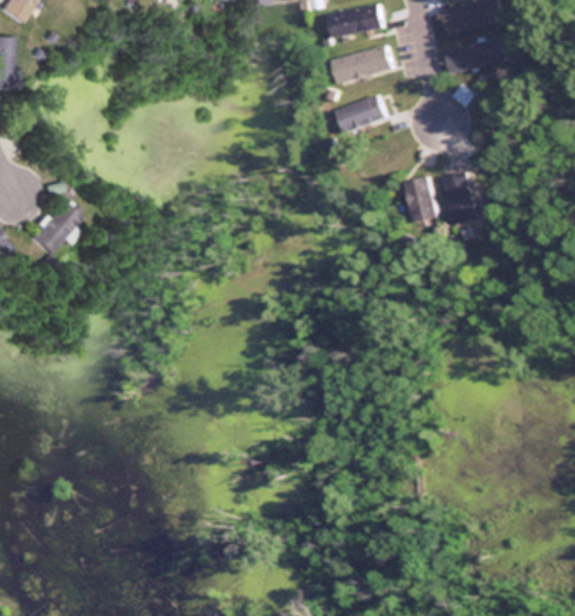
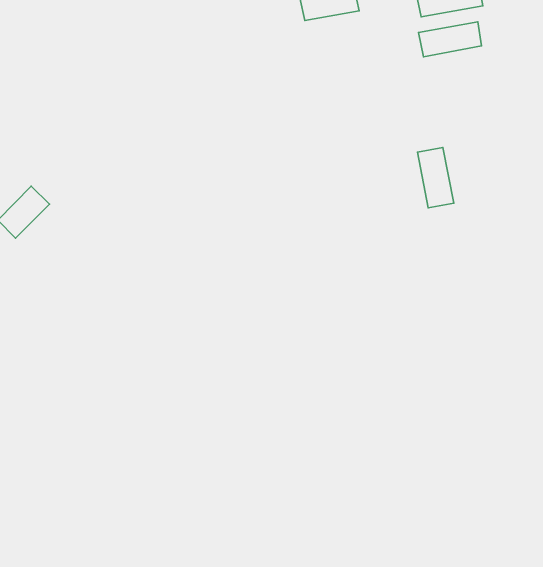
building: [332,45,396,82] -> none
building: [337,94,390,132] -> none
building: [407,174,440,220] -> none

